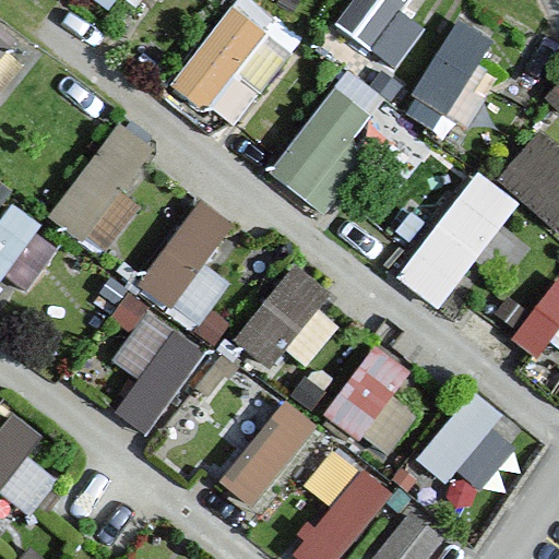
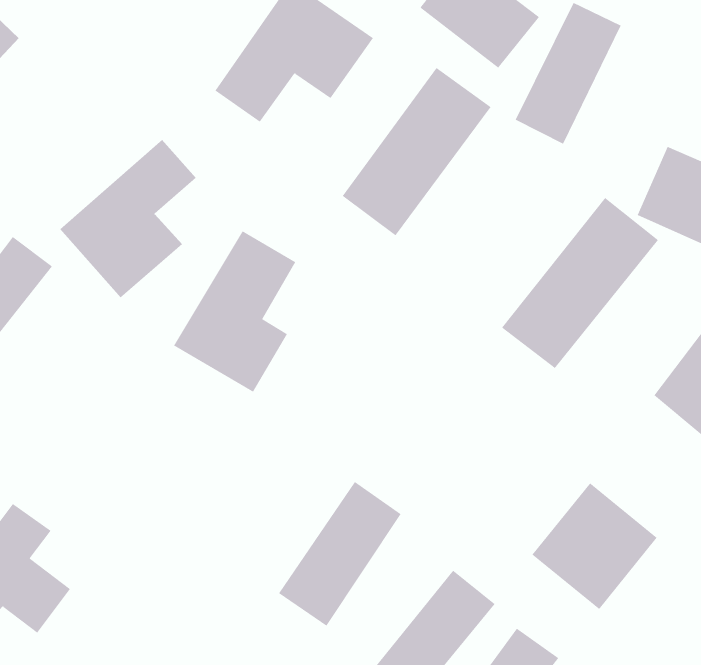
building: [236,265,328,367] -> none
building: [110,312,206,435] -> none
building: [326,344,419,456] -> none

